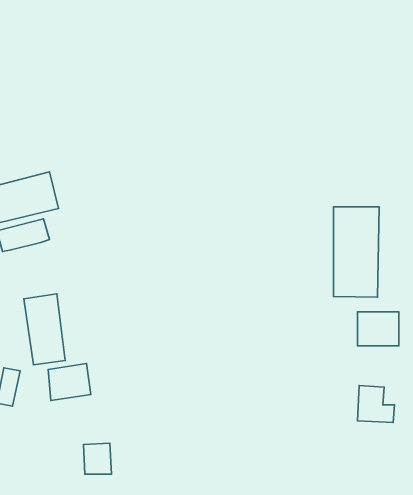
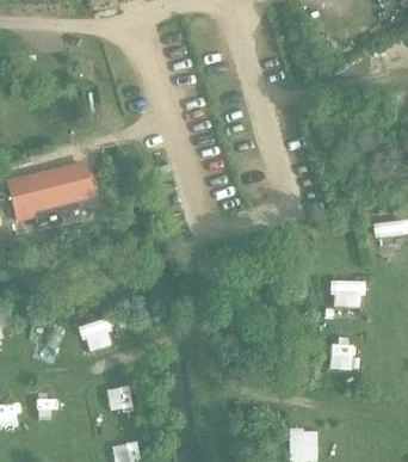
building: [334,207,379,297] -> none
building: [24,294,65,365] -> none

